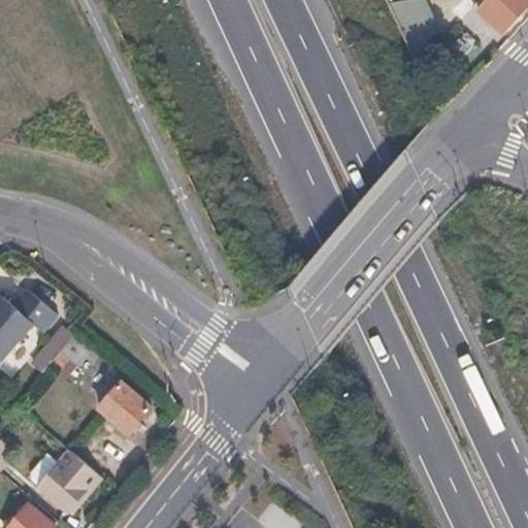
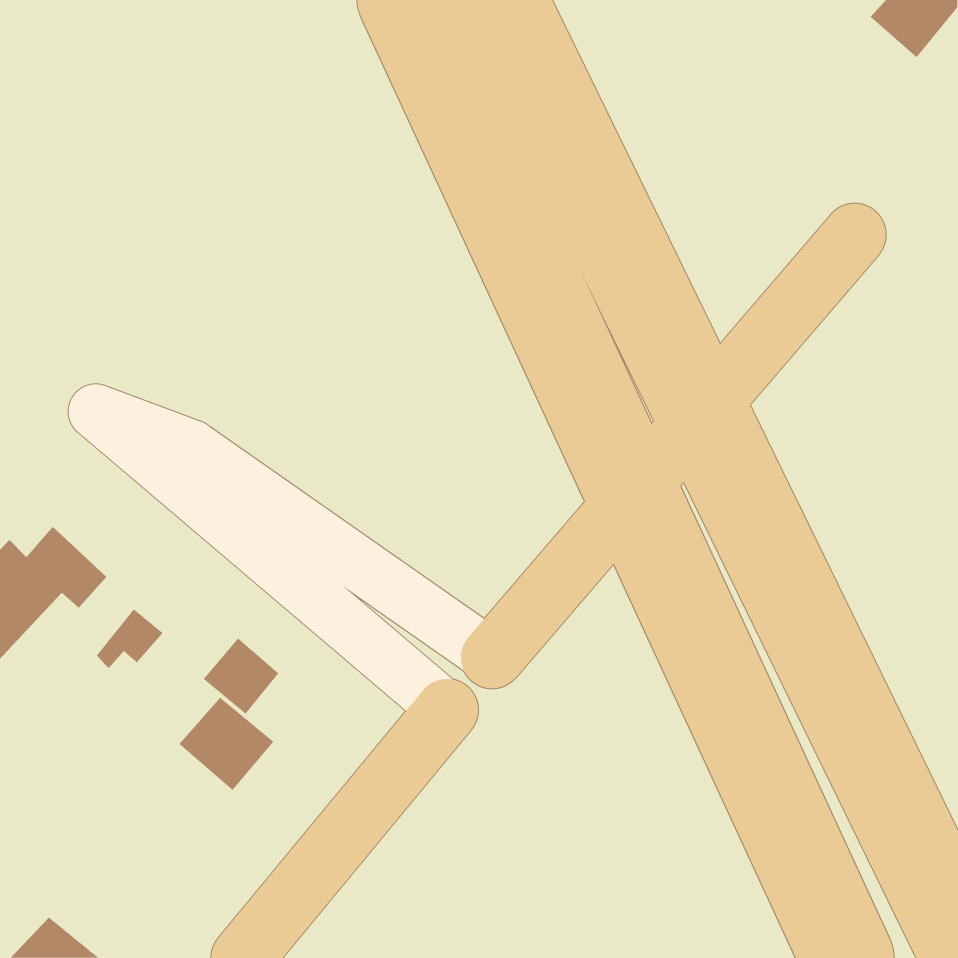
building: none -> [203,638,279,714]
building: [31,451,100,510] -> none

